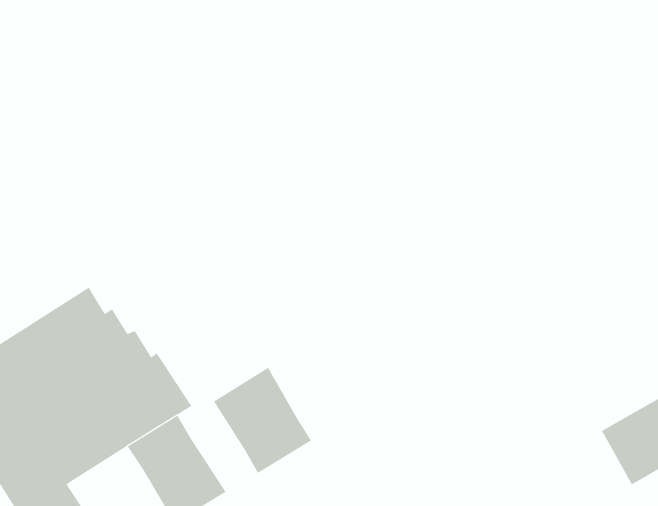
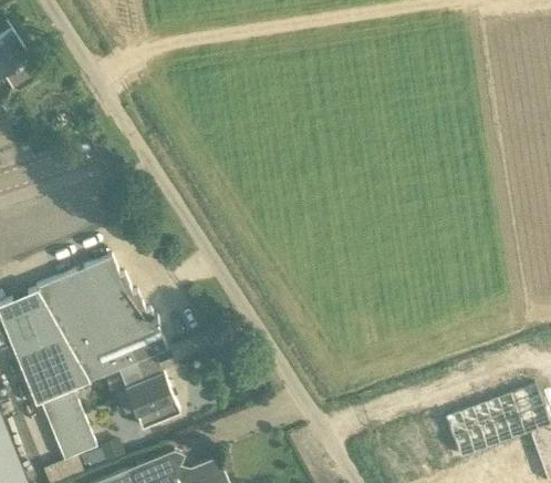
building: [213,367,312,474] -> none

